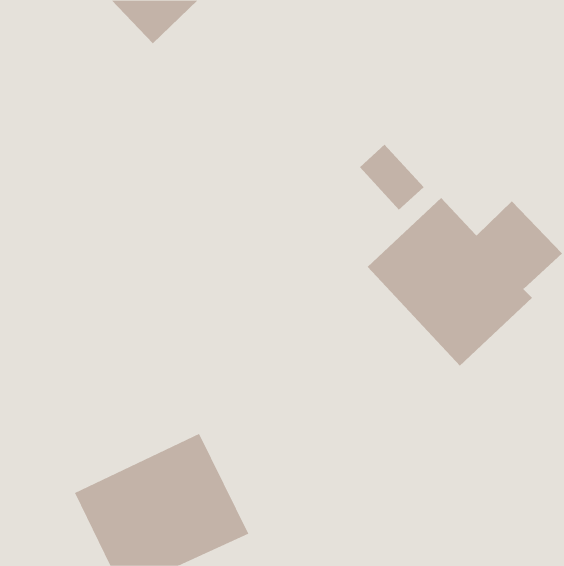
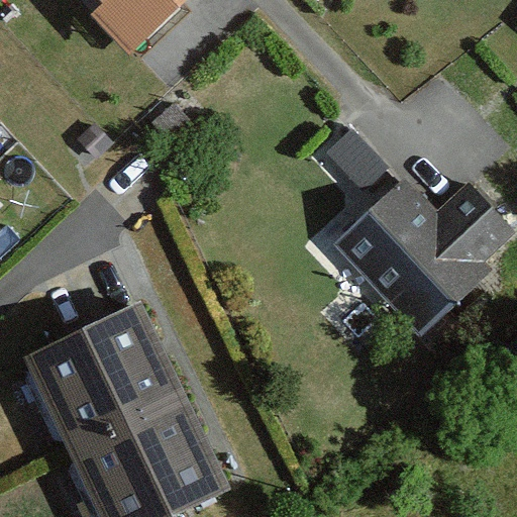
building: none -> [24,303,182,449]

